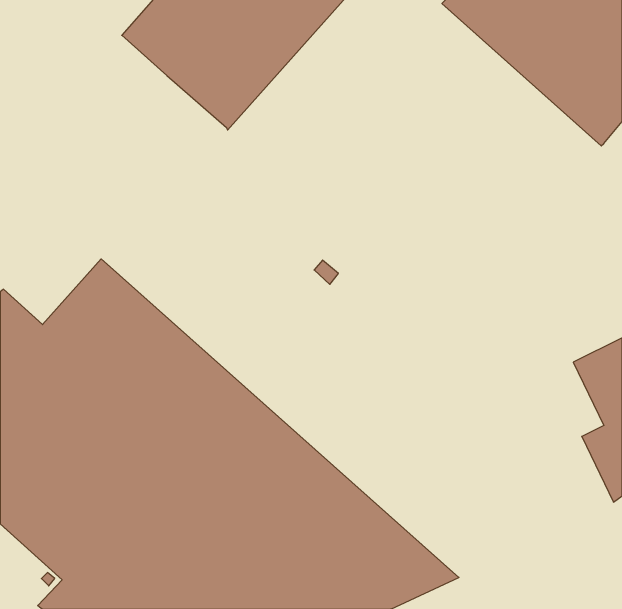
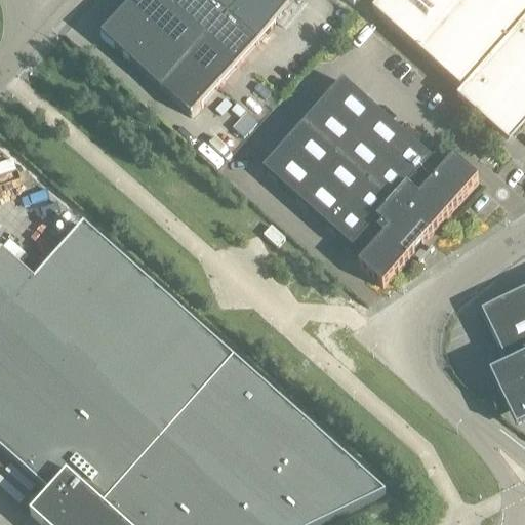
building: none -> [265,74,479,281]

